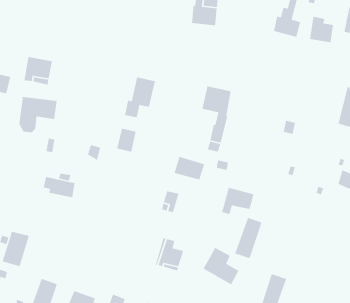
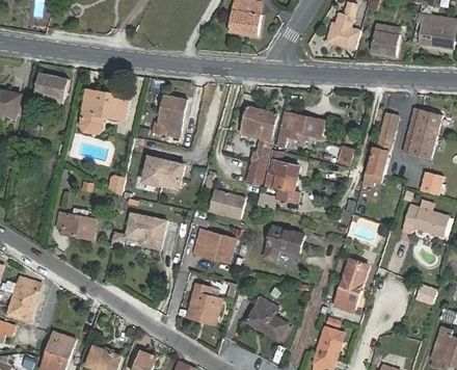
building: none -> [278,112,326,148]
building: none -> [368,112,398,175]
building: [19,96,57,133] -> [81,89,127,133]
building: none -> [270,159,301,202]
building: none -> [161,160,184,188]
building: none -> [129,213,169,249]
building: none -> [210,233,237,262]
building: [234,217,262,259] -> [334,262,368,312]

